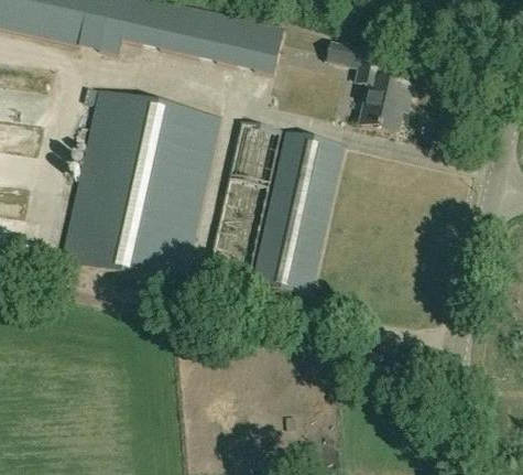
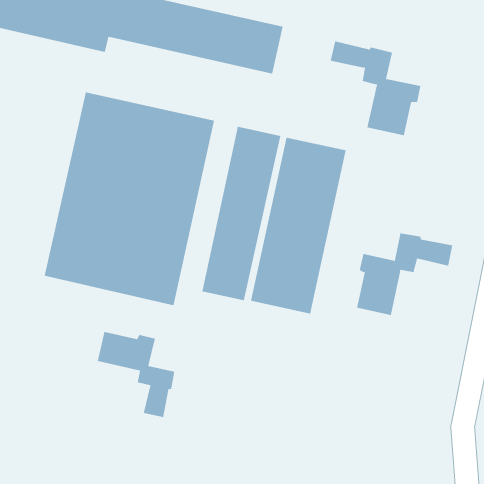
building: none -> [356,233,453,316]
building: none -> [97,331,175,418]

